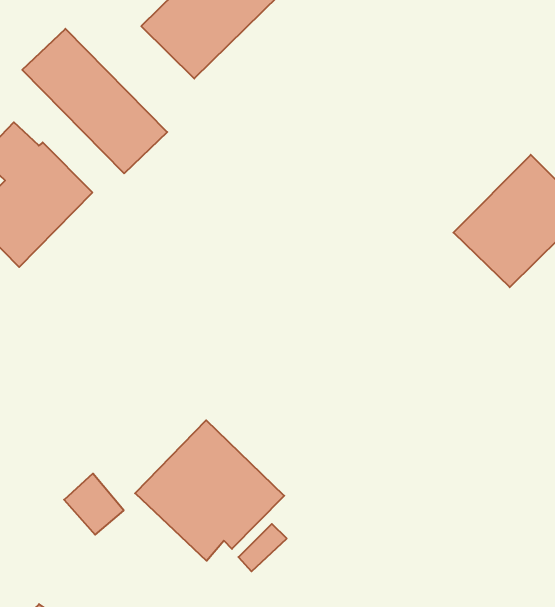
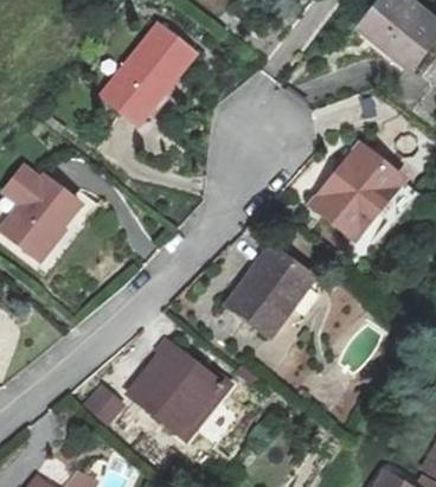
building: [22,29,167,173] -> none
building: none -> [226,244,314,335]

